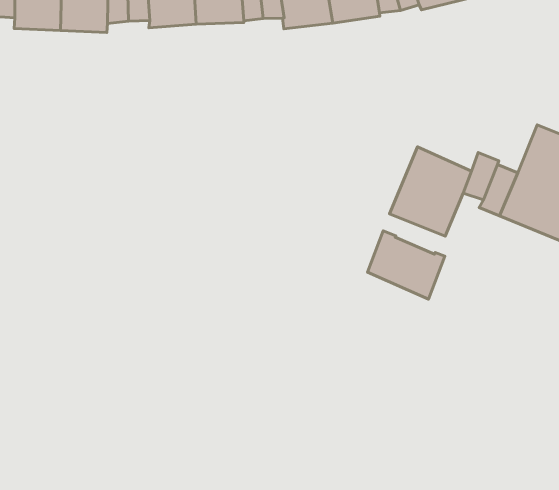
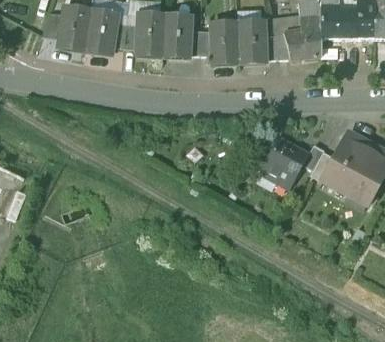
building: [367,231,445,299] -> none

